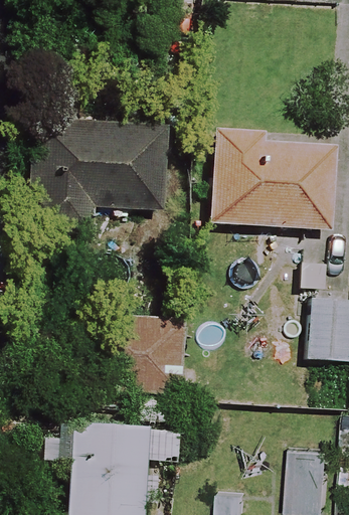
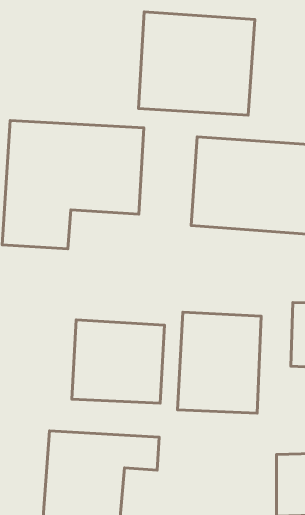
building: none -> [138,12,255,115]
building: none -> [177,312,261,413]

